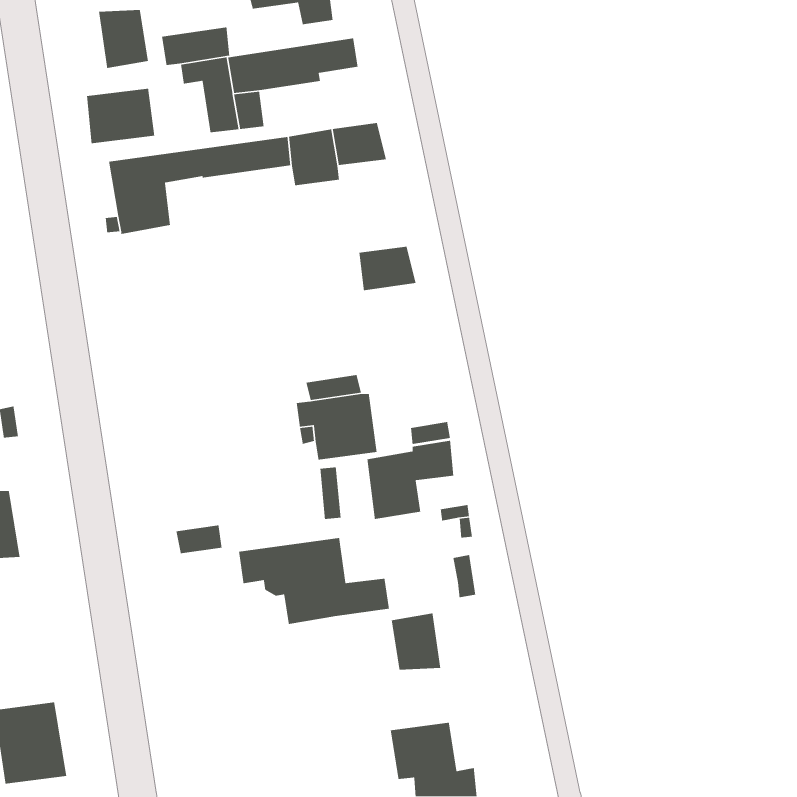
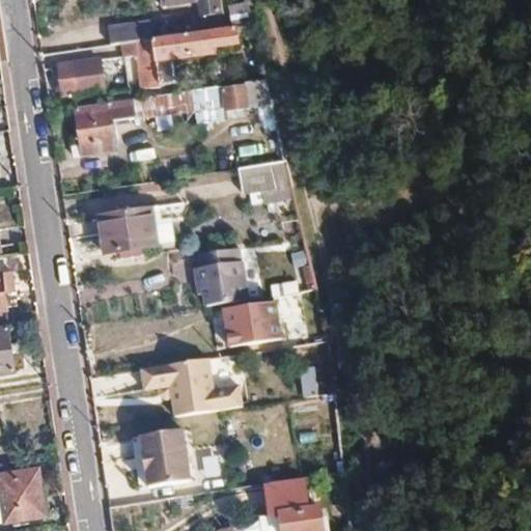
building: [98,9,149,69] -> none
building: none -> [96,206,158,254]
building: [391,613,441,671] -> none
building: none -> [139,430,189,486]

